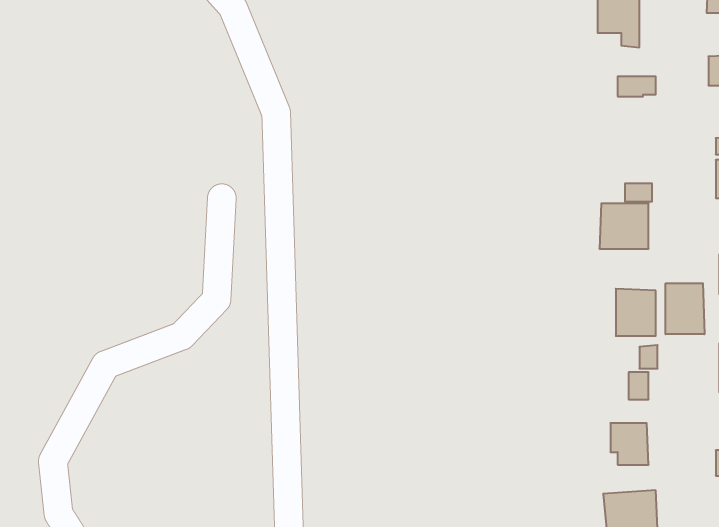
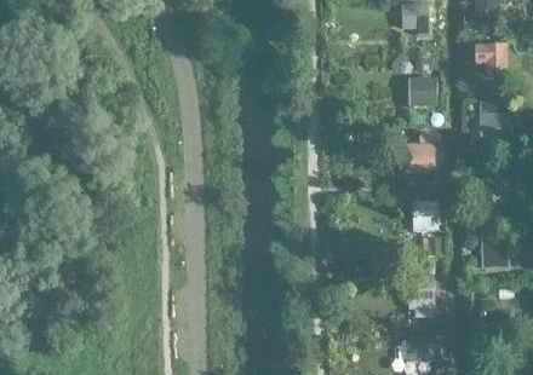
building: none -> [407,77,436,105]
building: [666,283,704,334] -> none

